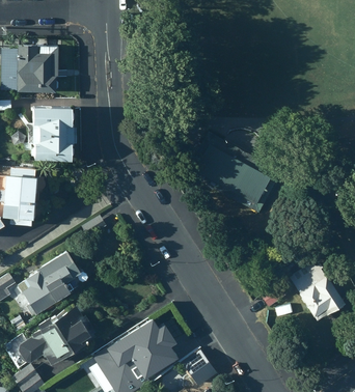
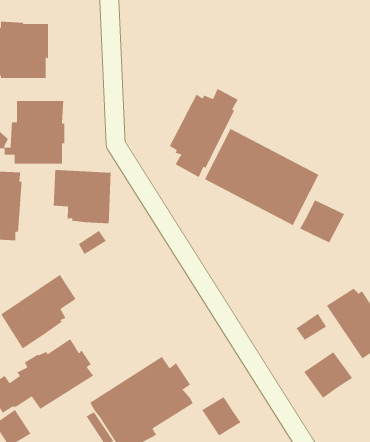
building: none -> [169,88,239,178]
building: none -> [53,169,112,224]
building: none -> [299,199,345,244]
building: none -> [303,351,353,399]

